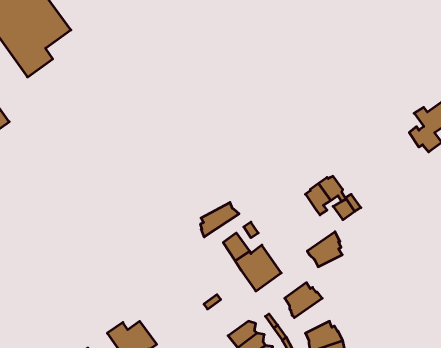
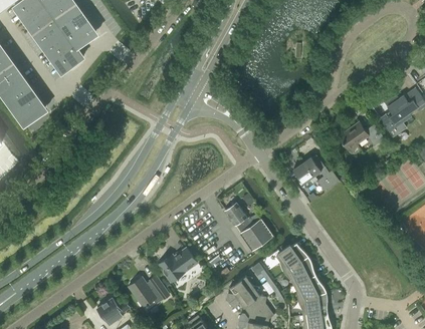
building: none -> [339,123,384,153]
building: [201,202,239,237] -> none
building: [307,232,342,267] -> [284,257,313,286]
building: none -> [159,248,197,282]

